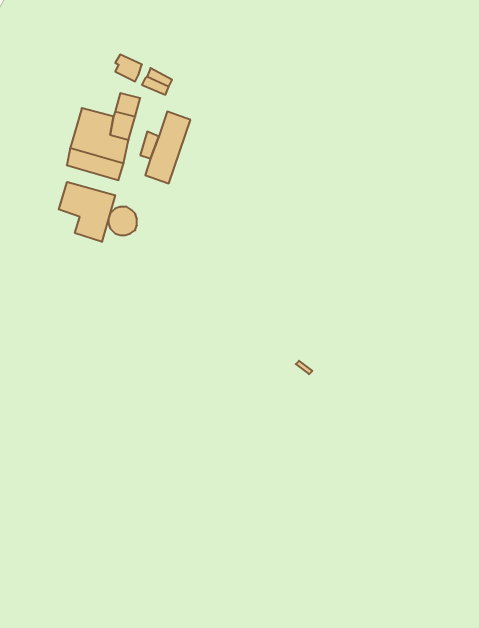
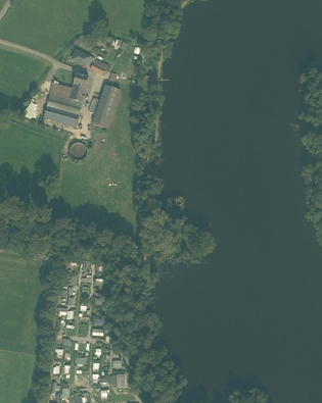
building: [59,182,115,242] -> none

